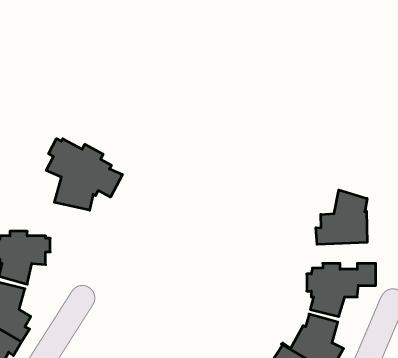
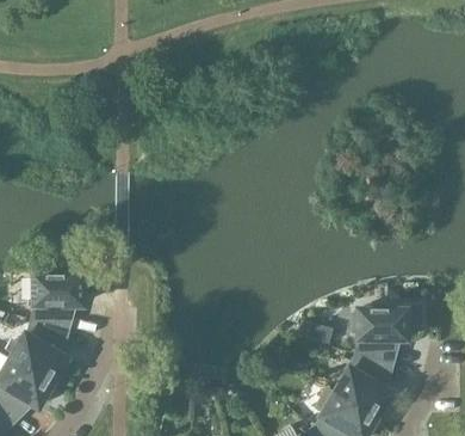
building: [46,139,122,210] -> none
building: [316,190,367,244] -> none

